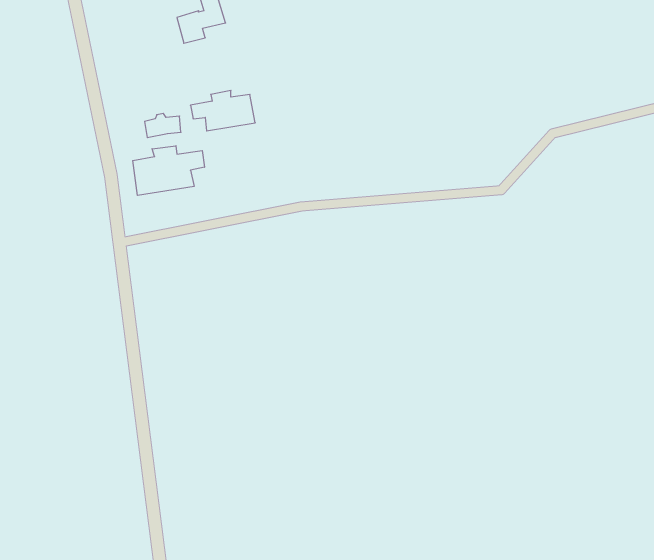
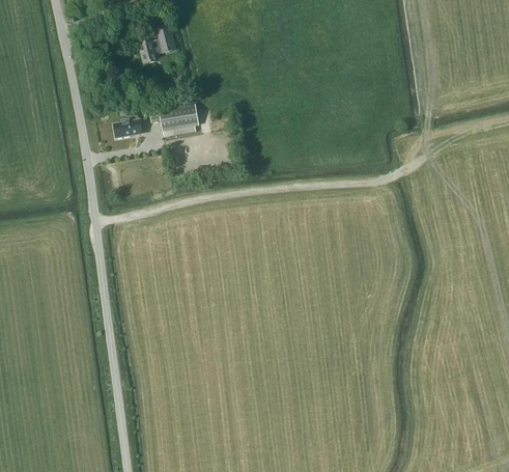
building: [133,146,204,195] -> none

